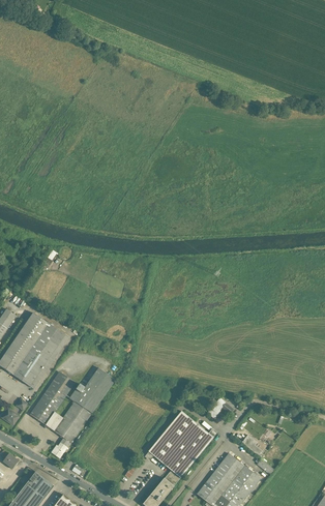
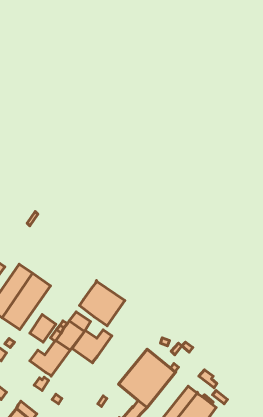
building: none -> [80,281,125,326]
building: none -> [72,330,112,363]
building: [29,392,60,424] -> none

